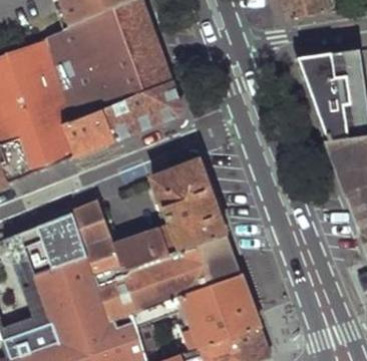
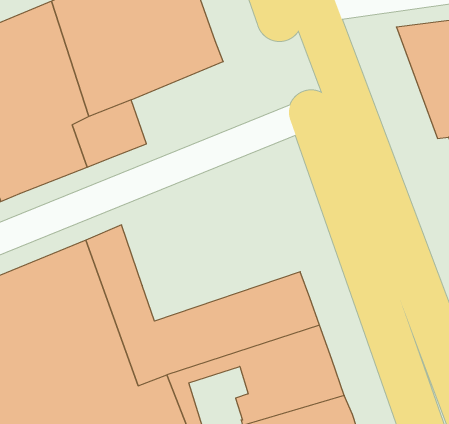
building: [105,82,185,142] -> none
building: [113,162,229,272] -> none

